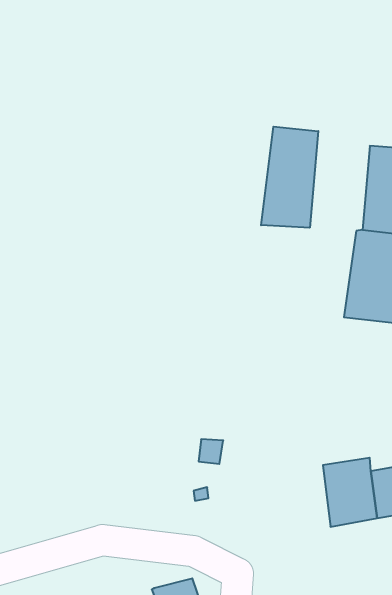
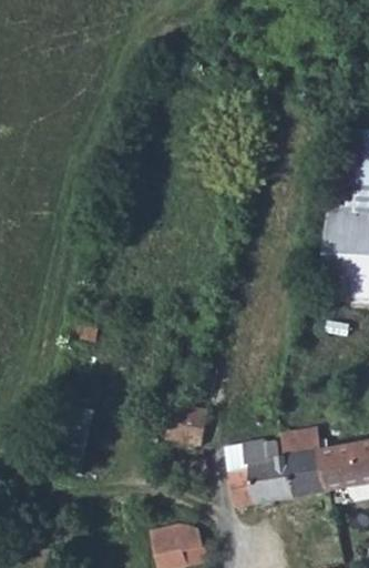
building: [261,127,318,228] -> none
building: none -> [240,430,304,499]

